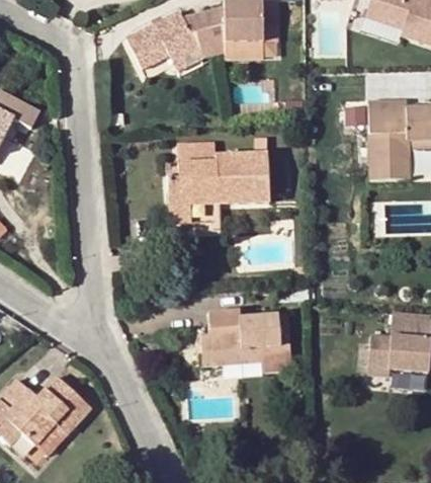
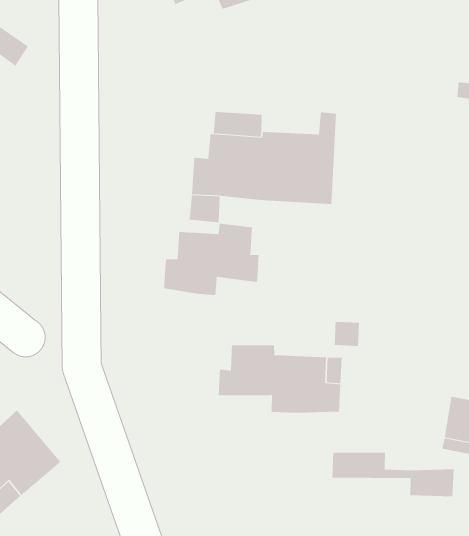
building: none -> [164,223,259,296]
building: [201,345,291,375] -> [331,452,454,497]

